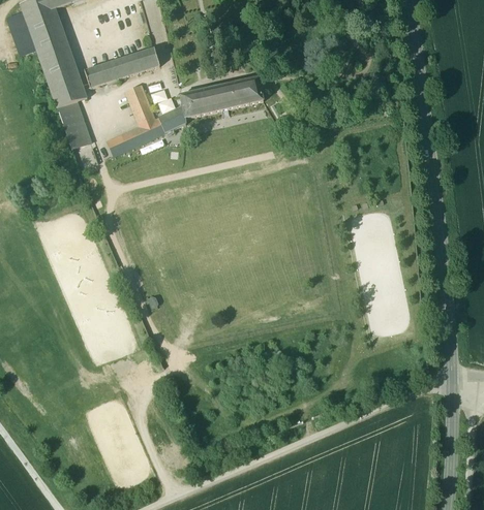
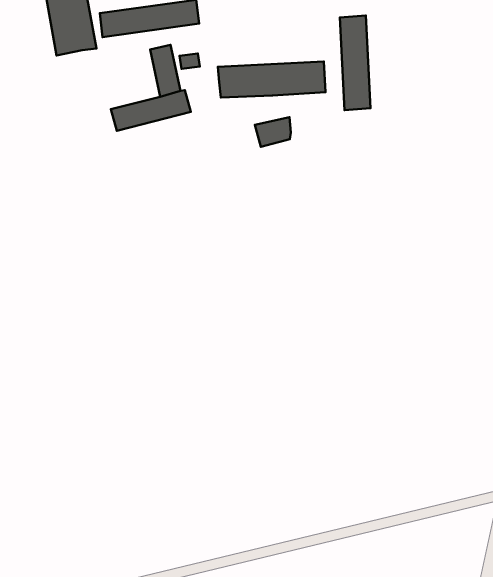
building: none -> [340,16,370,110]
building: [57,99,97,168] -> none
building: [157,105,185,131] -> [255,117,291,147]

